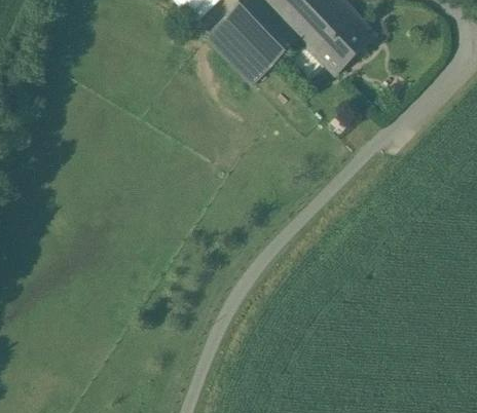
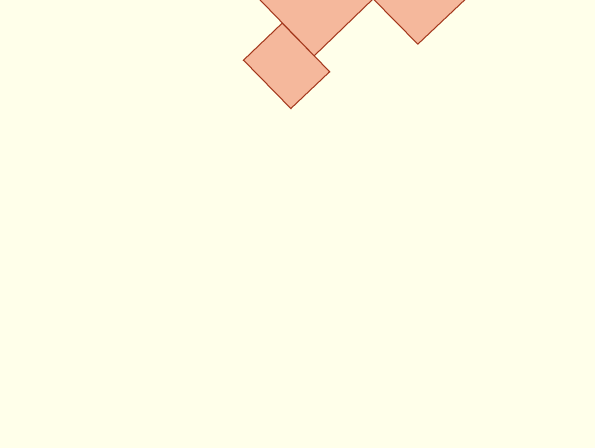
building: none -> [243,23,330,109]

